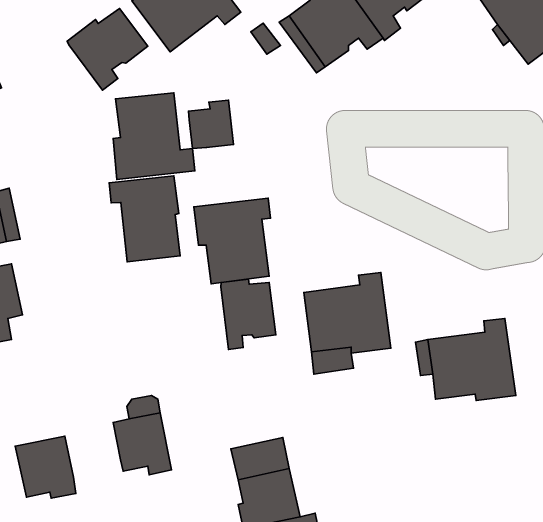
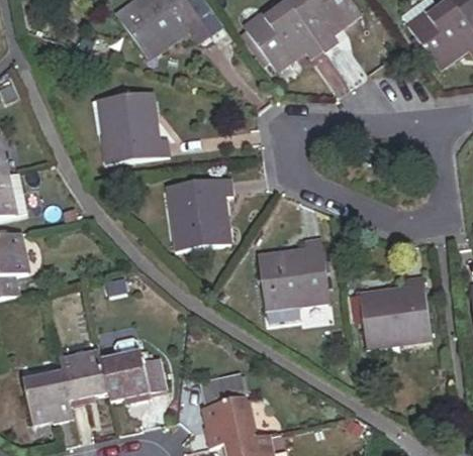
building: [67,8,148,90] -> none
building: [188,100,234,149] -> none
building: [109,176,180,262] -> none
building: [221,279,276,350] -> none
building: none -> [61,350,109,406]

